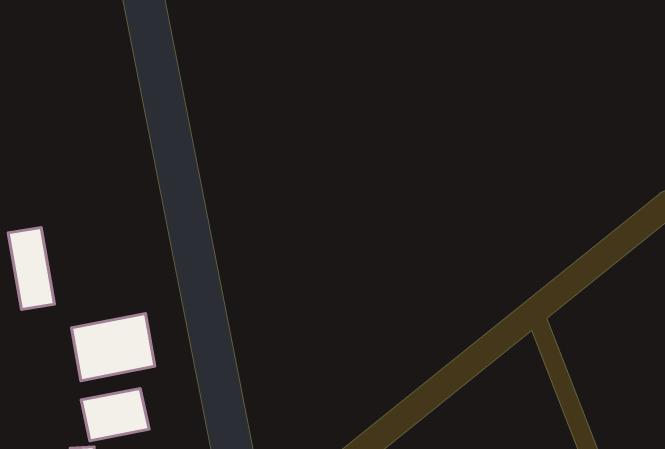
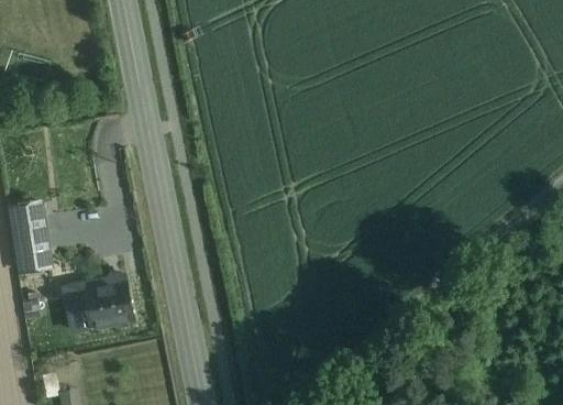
building: [81,388,149,441] -> none

